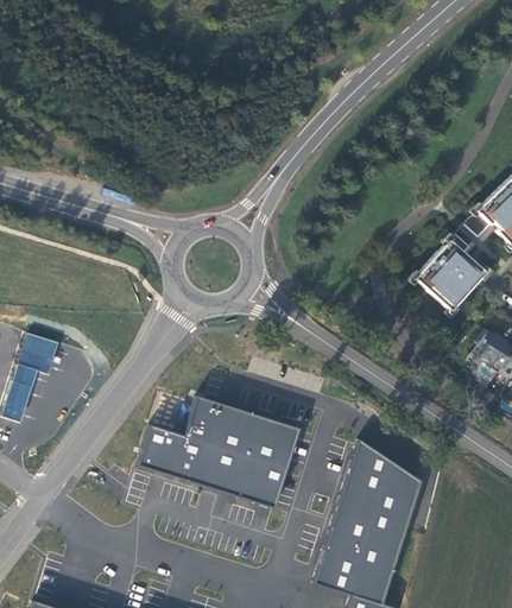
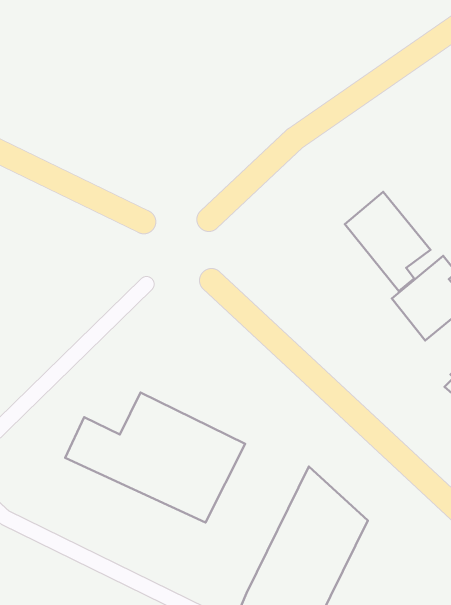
building: none -> [345,192,431,291]

